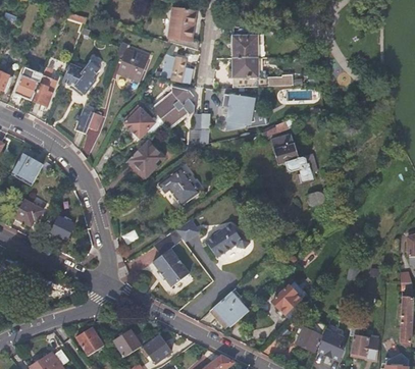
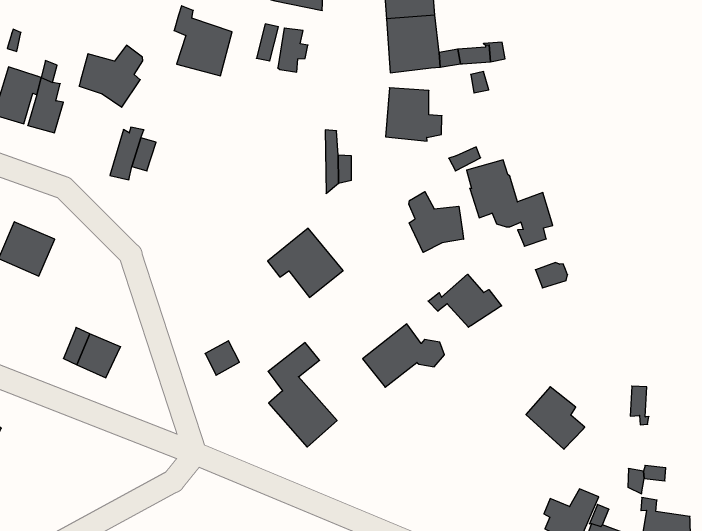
building: [153,87,194,128] -> none
building: [124,106,156,139] -> none
building: [129,142,164,176] -> none
building: none -> [409,192,464,252]
building: none -> [428,274,502,327]
building: [14,200,44,225] -> none
building: [271,286,303,321] -> [526,387,585,449]
building: [213,292,249,327] -> none

